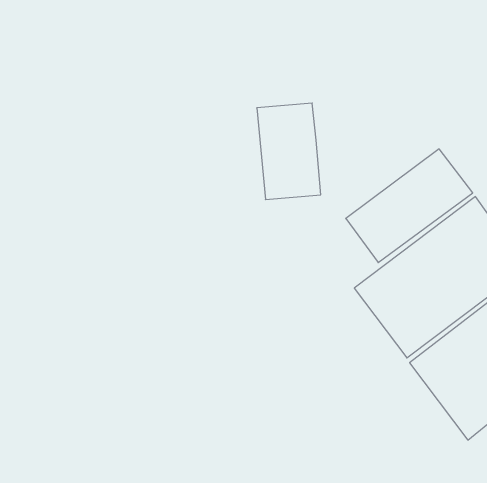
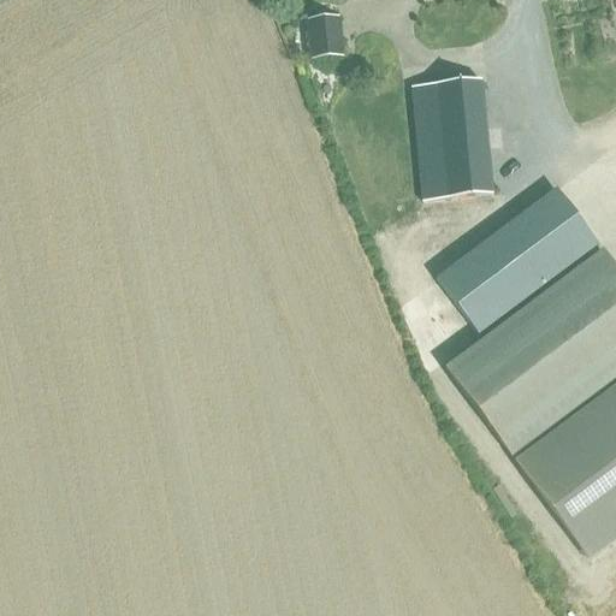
building: none -> [307,14,343,55]
building: [257,103,321,200] -> [411,77,492,199]

